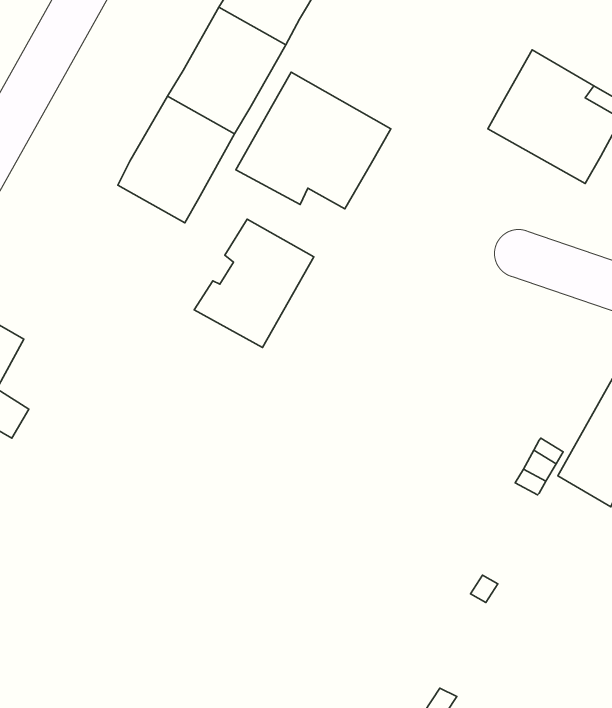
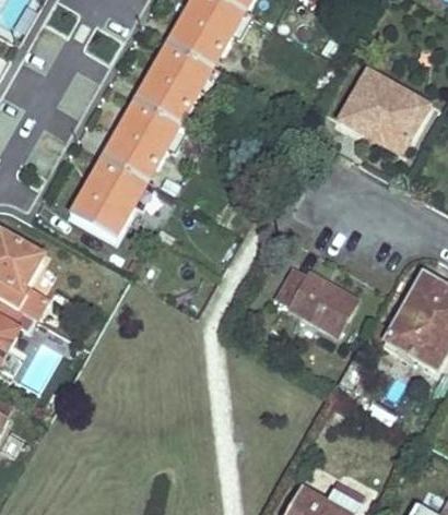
building: [236,72,391,209] -> none
building: [194,219,314,348] -> [70,156,146,238]
building: none -> [274,267,356,334]

